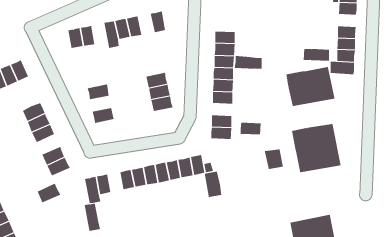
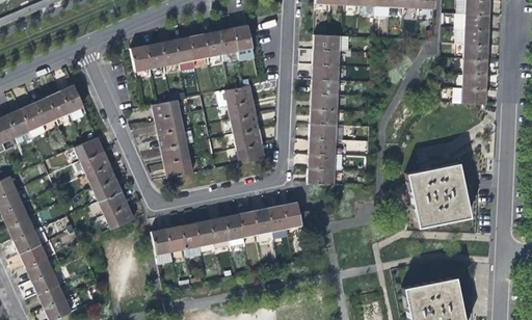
building: none -> [218,28,239,62]
building: none -> [161,39,182,75]
building: [303,49,330,61] -> [455,29,488,45]
building: [234,56,262,69] -> [313,34,348,51]
building: none -> [217,86,252,107]
building: [286,66,335,107] -> none
building: none -> [152,101,181,121]
building: none -> [158,129,194,150]
building: none -> [237,144,265,164]
building: none -> [164,159,192,179]
building: [240,122,262,135] -> [309,139,336,155]
building: [264,148,283,170] -> none
building: [204,171,222,198] -> none
building: [37,183,61,203] -> [92,178,123,203]
building: [84,203,101,232] -> [181,224,202,260]

